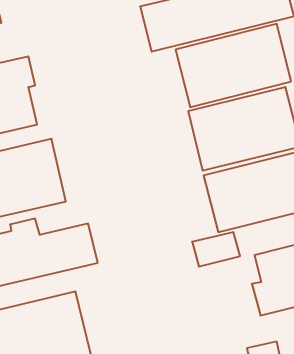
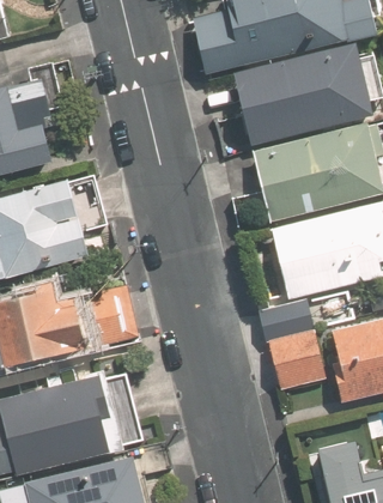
building: none -> [265,332,322,390]

